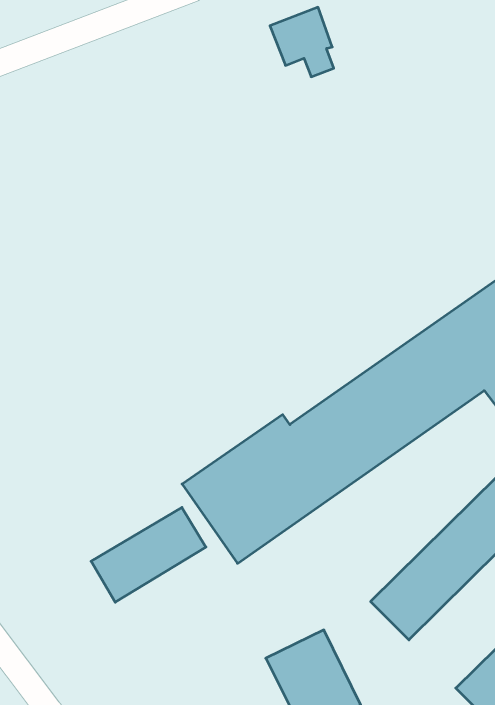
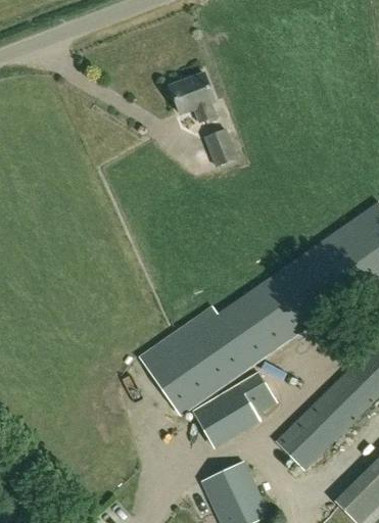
building: [270,7,334,77] -> [169,73,215,123]
building: none -> [202,129,237,167]
building: [91,507,206,602] -> [193,373,276,441]

